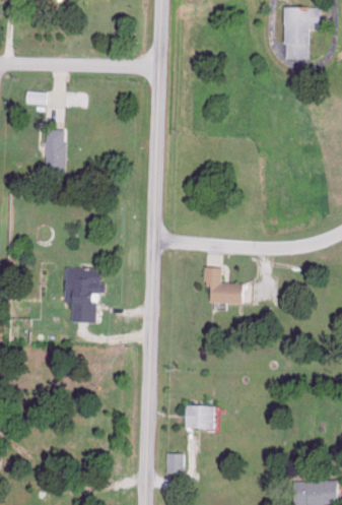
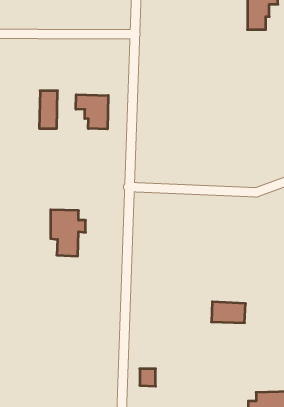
building: none -> [76,95,108,129]
building: [198,266,242,303] -> none
building: [178,404,217,429] -> [211,302,246,323]

